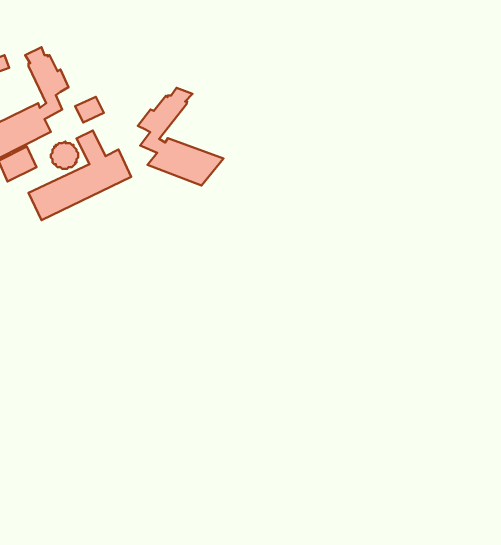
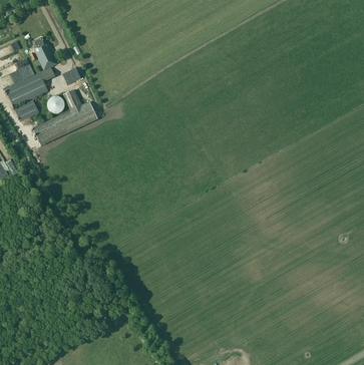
building: [138,88,223,185] -> none

